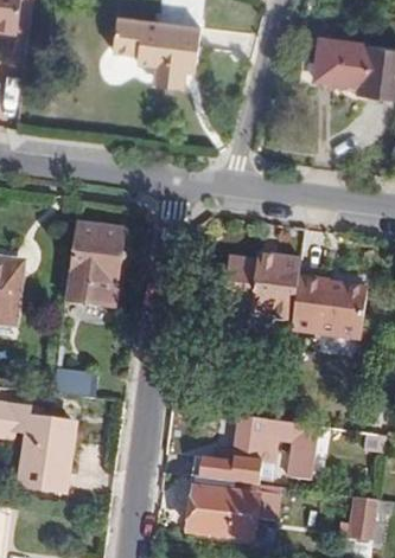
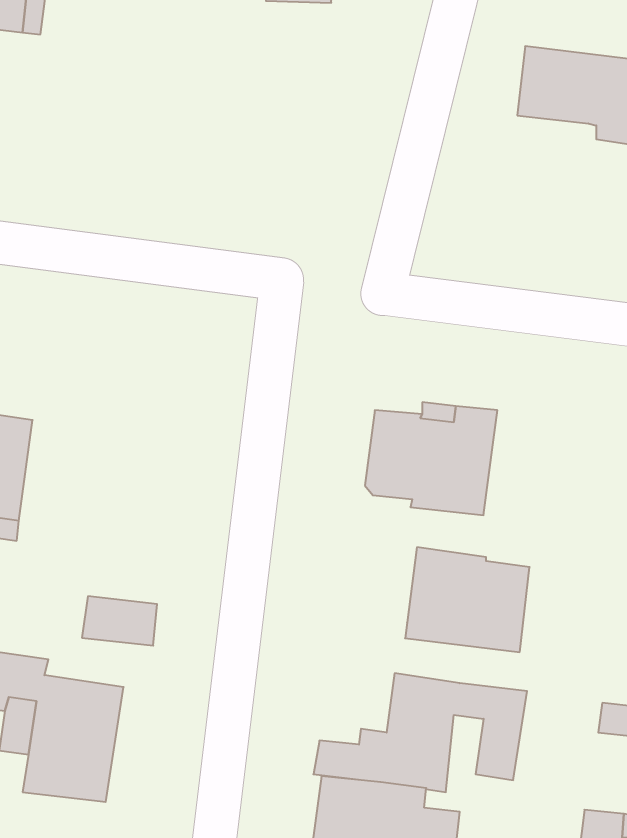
building: [112,17,200,88] -> none
building: [65,223,125,304] -> none
building: [292,275,367,338] -> [405,547,530,652]

